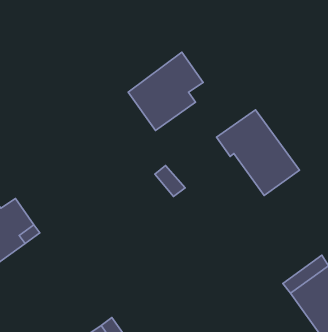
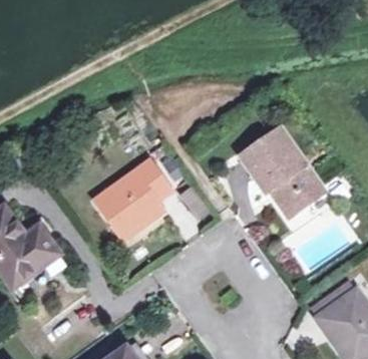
building: [128,52,203,130] -> [94,159,171,240]

